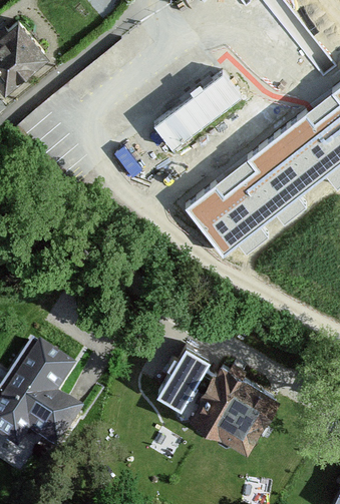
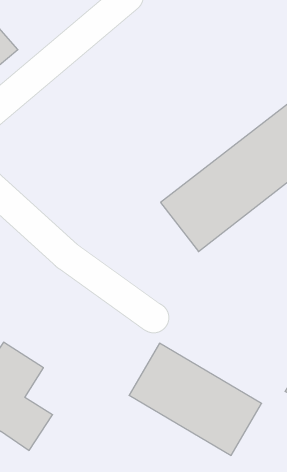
building: [133,68,244,160] -> none

